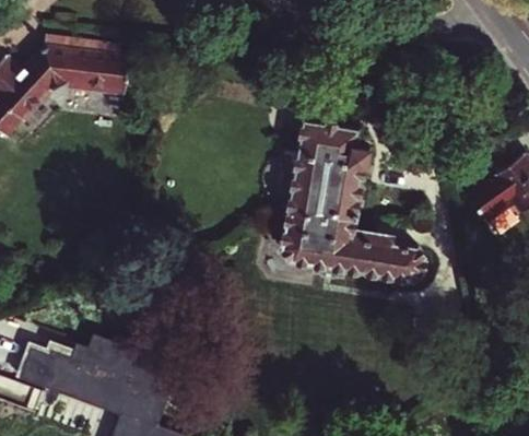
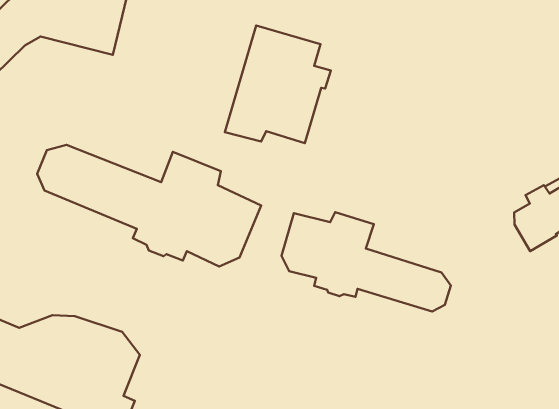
building: [287,123,369,219] -> [225,25,331,143]
building: none -> [37,145,261,266]

